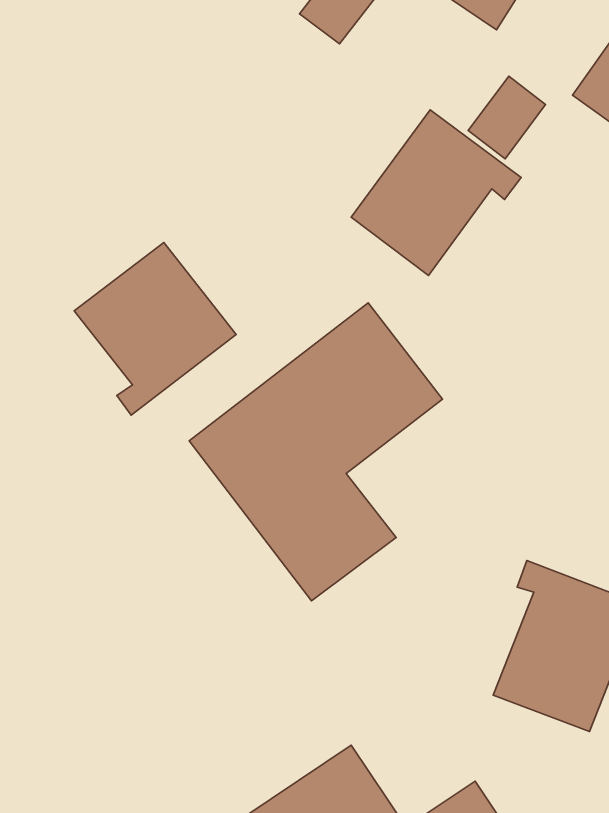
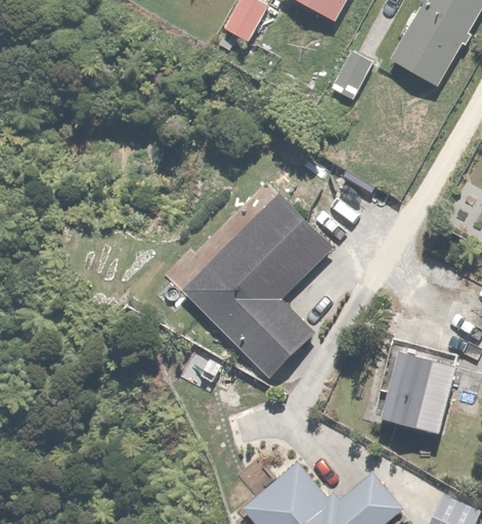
building: [351,110,521,275] -> none
building: [74,242,236,415] -> none

